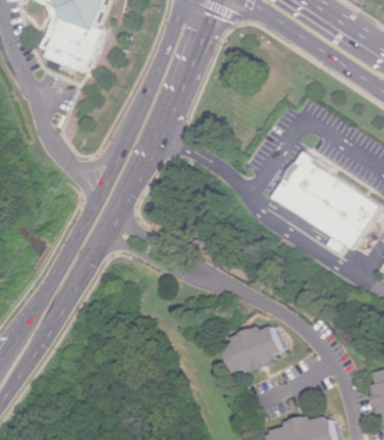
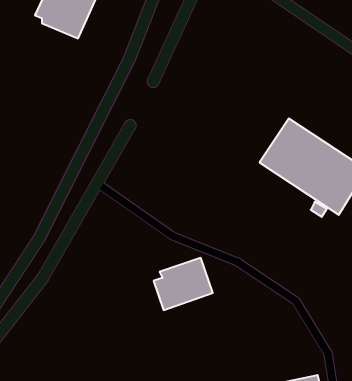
building: [222,322,282,375] -> [154,258,213,310]

